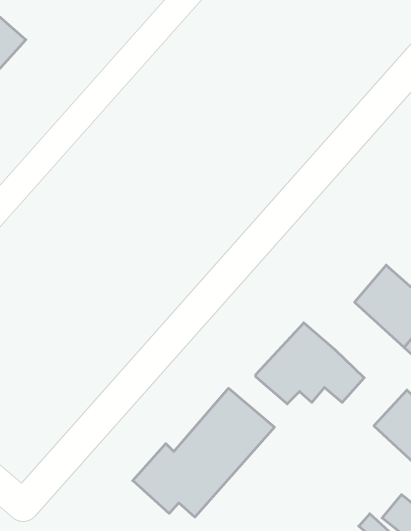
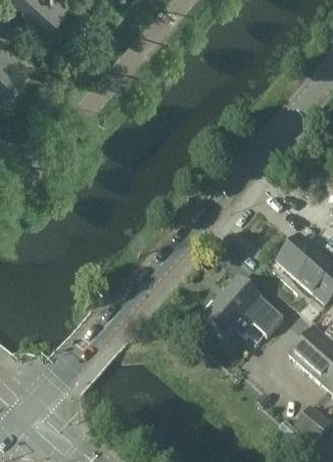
building: [133,388,274,517] -> none

